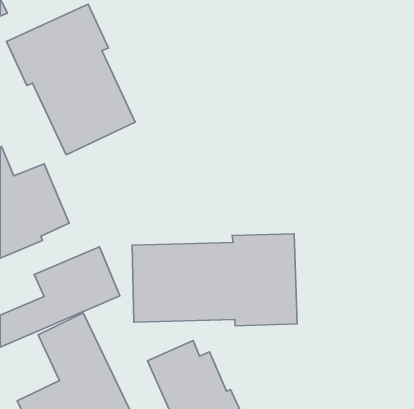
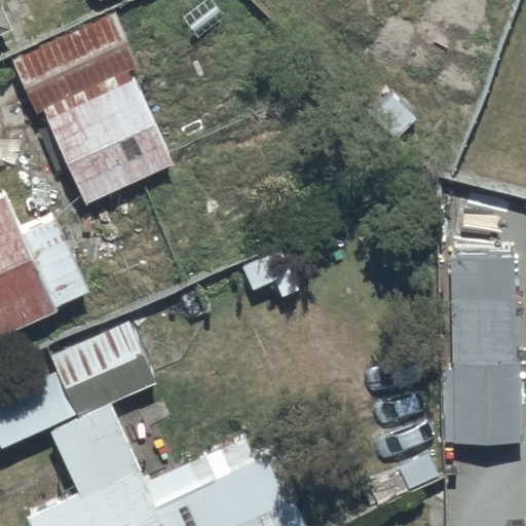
building: none -> [441,300,516,445]
building: [132,234,297,326] -> none

